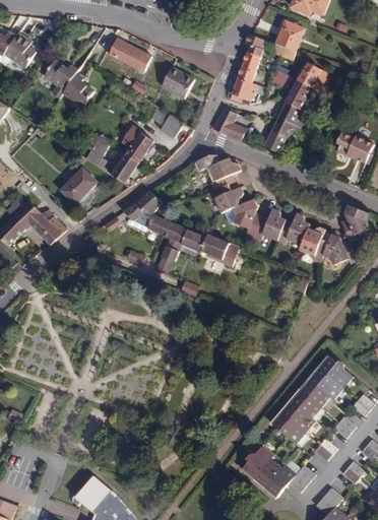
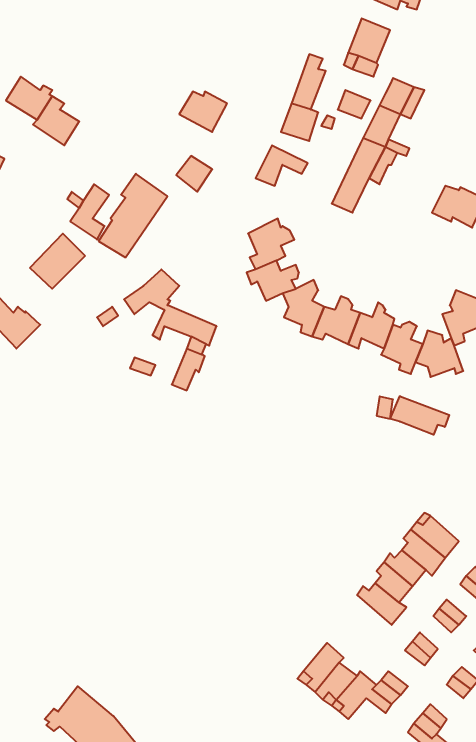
building: [108,39,150,71] -> none
building: [181,226,242,266] -> none
building: none -> [390,396,449,435]
building: [274,412,305,444] -> none

